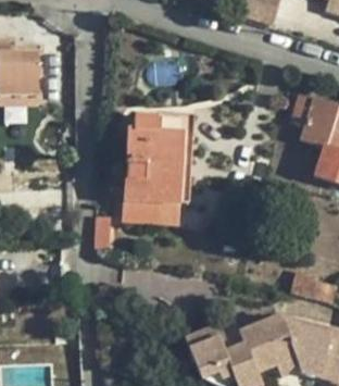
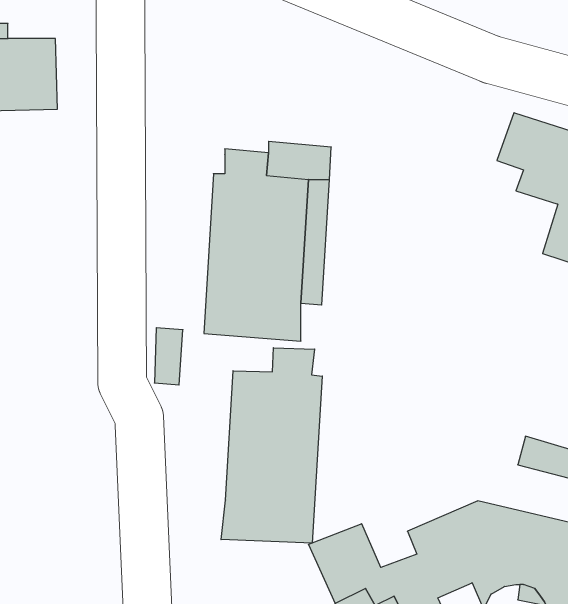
building: none -> [221,348,322,543]

